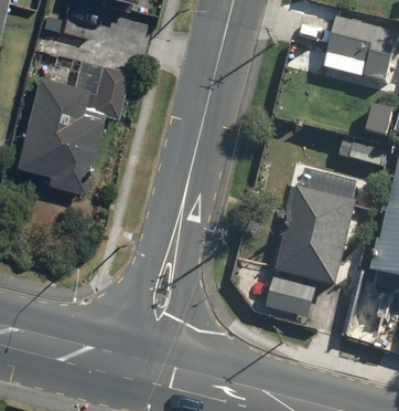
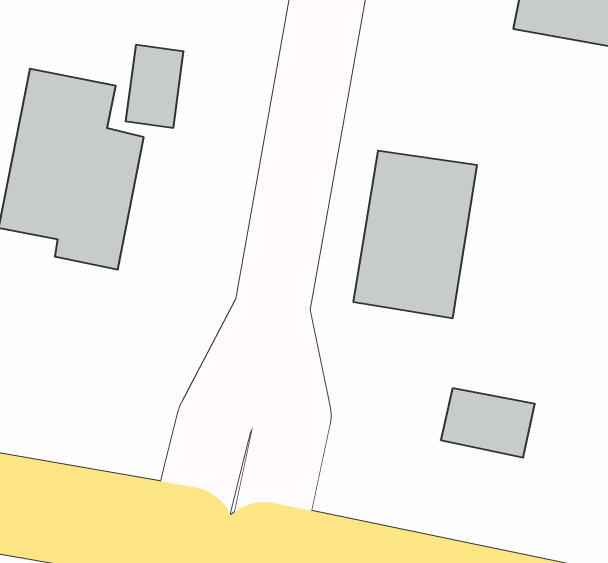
building: [282,186,359,286] -> [353,151,477,318]

